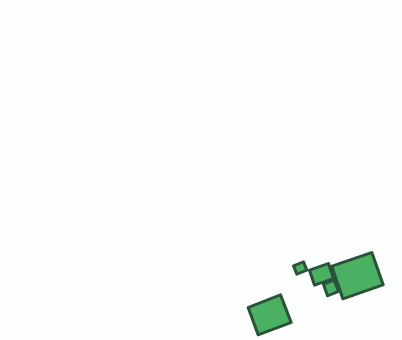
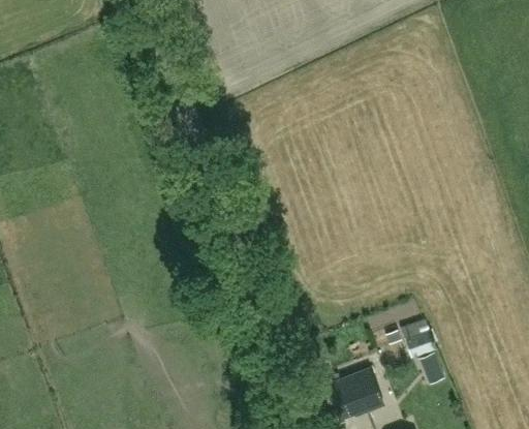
building: [332,253,383,299] -> none

